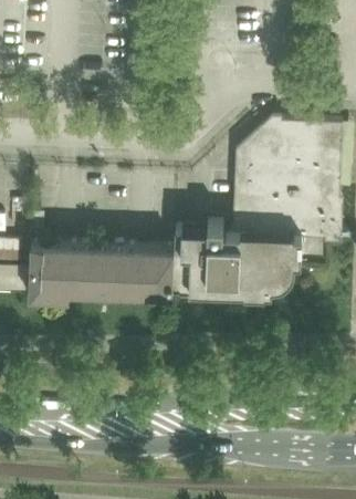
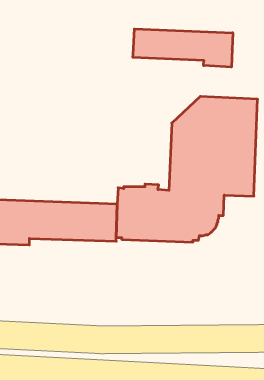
building: none -> [133,29,233,67]

